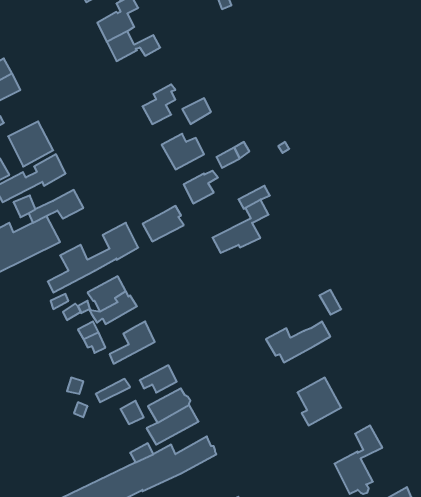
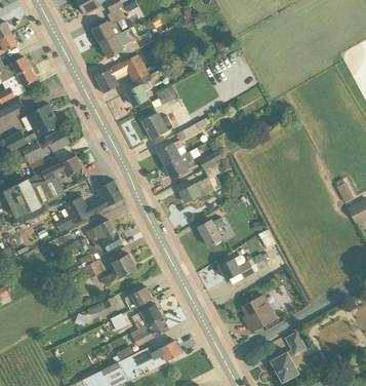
building: none -> [94,52,148,92]
building: [143,206,184,241] -> [164,151,195,178]
building: none -> [198,217,223,245]

